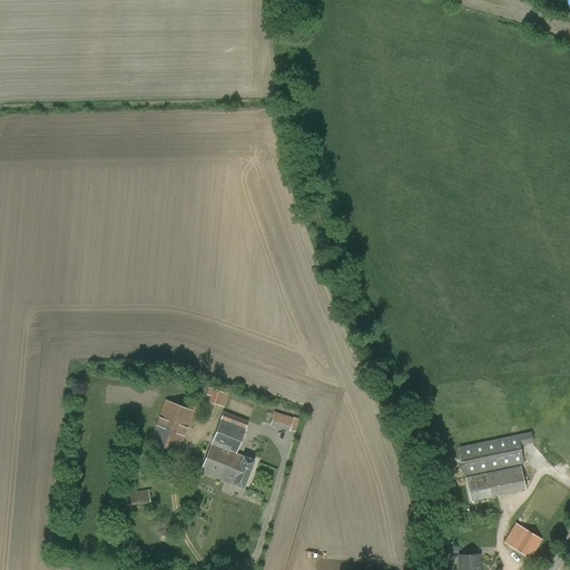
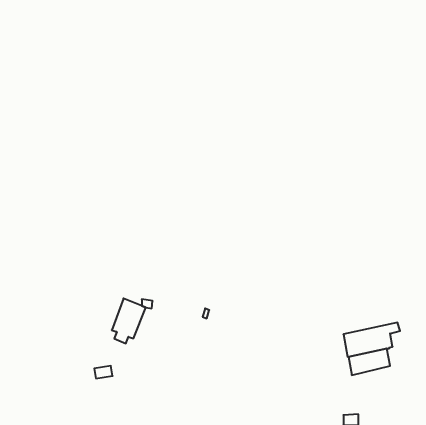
building: [200,411,255,487] -> none
building: [504,522,542,558] -> none

